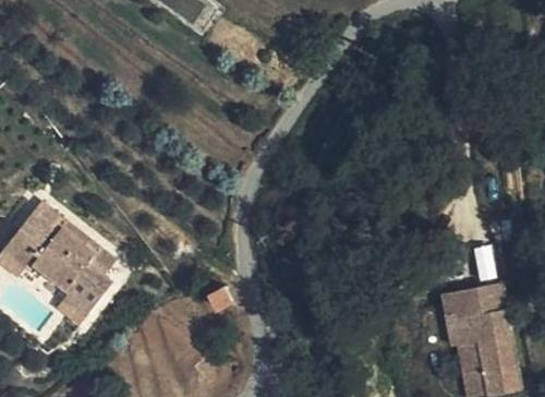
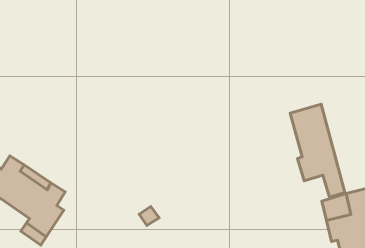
building: none -> [290,104,345,197]

